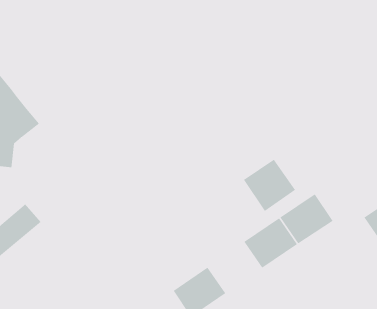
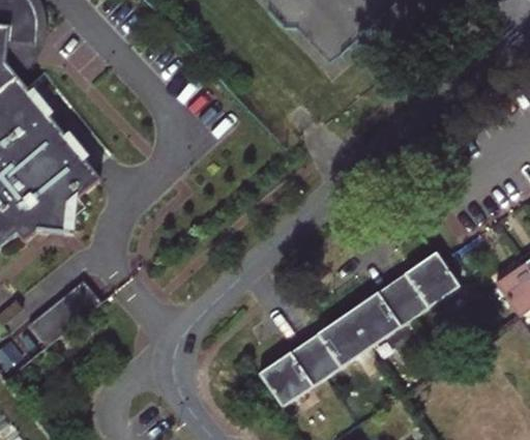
building: [243,159,296,212] -> none
building: none -> [300,315,367,379]

